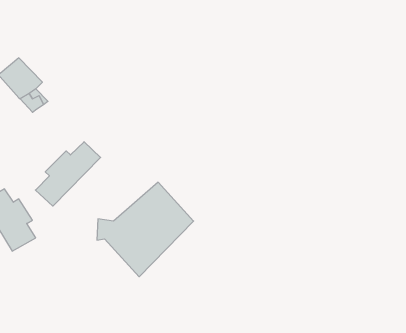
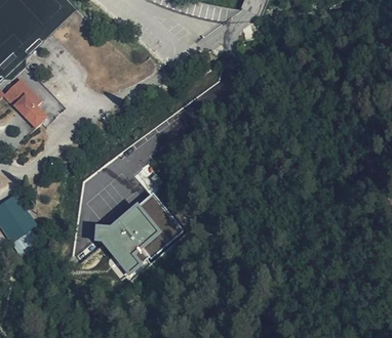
building: [35,142,101,206] -> none

